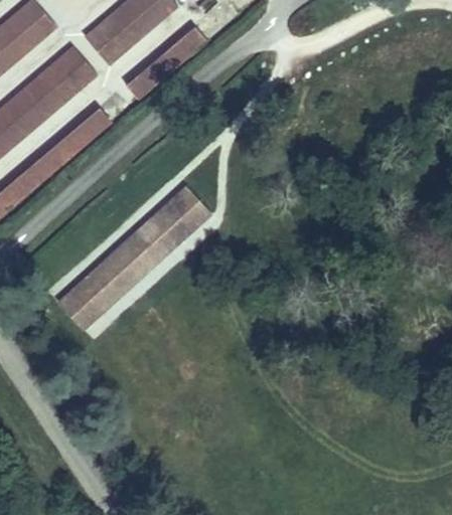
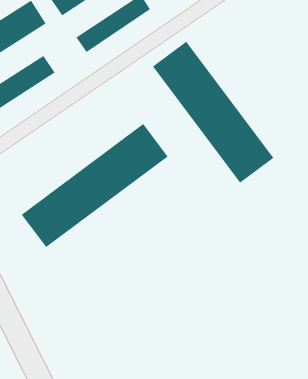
building: none -> [152,41,274,184]

